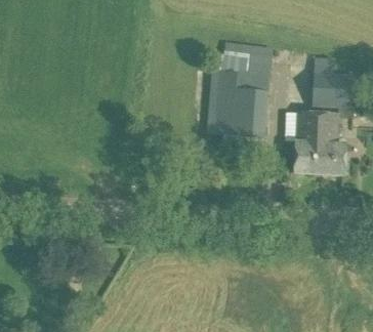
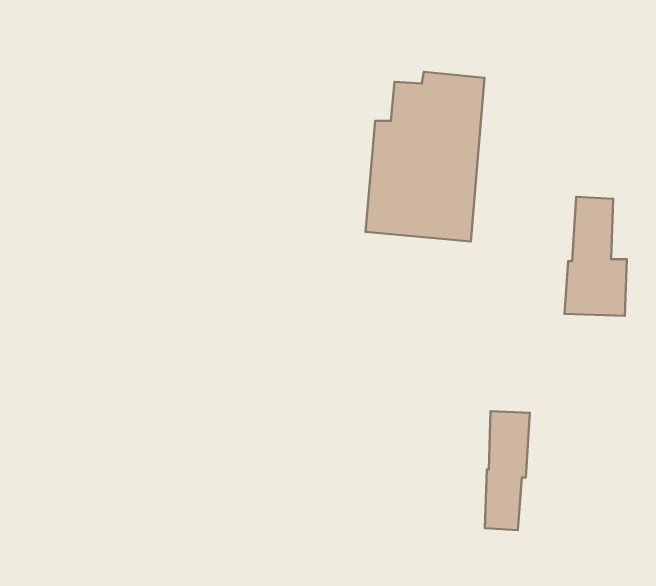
building: [313,72,356,107] -> none
building: [295,111,319,173] -> [485,411,530,530]

